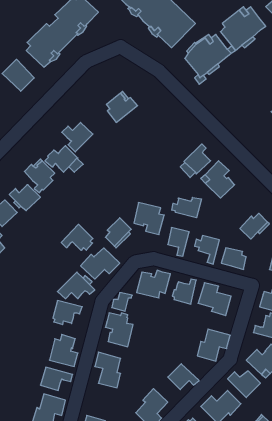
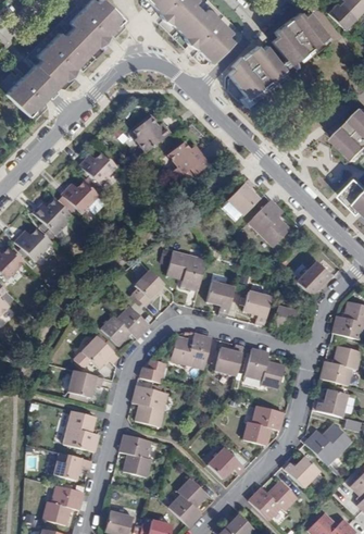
building: none -> [167,141,209,175]
building: [172,197,201,218] -> none
building: [61,224,93,250] -> none

